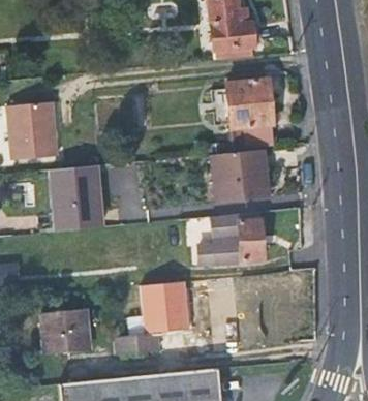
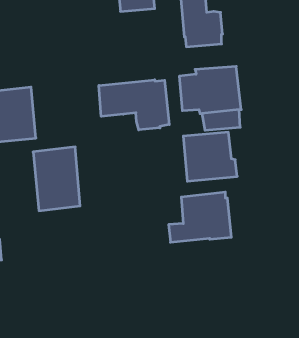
building: none -> [99,80,169,130]
building: [114,281,190,351] -> none
building: [42,310,89,356] -> none

